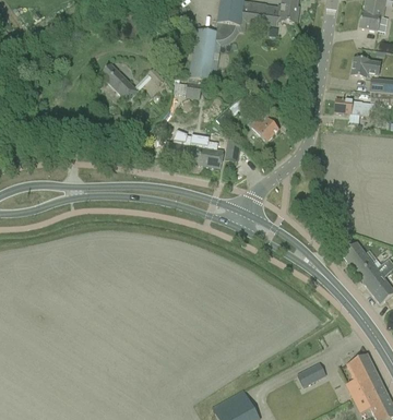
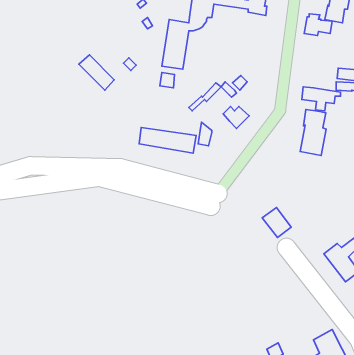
building: [352,53,381,76] -> [304,14,332,36]
building: none -> [300,109,326,156]
building: [342,241,372,273] -> [262,207,291,237]

